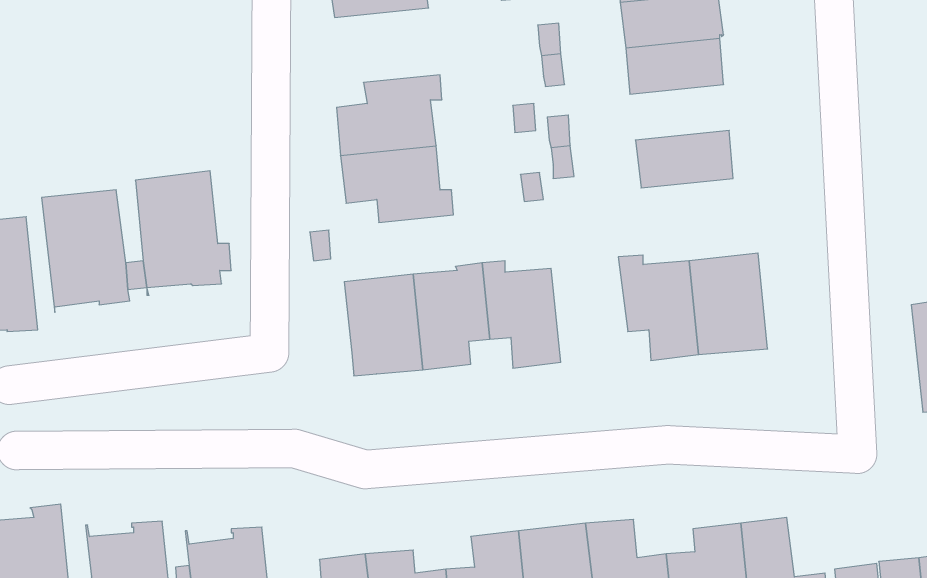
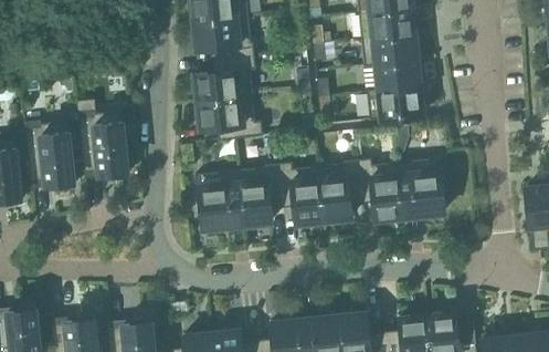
building: none -> [194,17,255,60]
building: none -> [365,61,422,93]
building: none -> [319,161,363,221]

